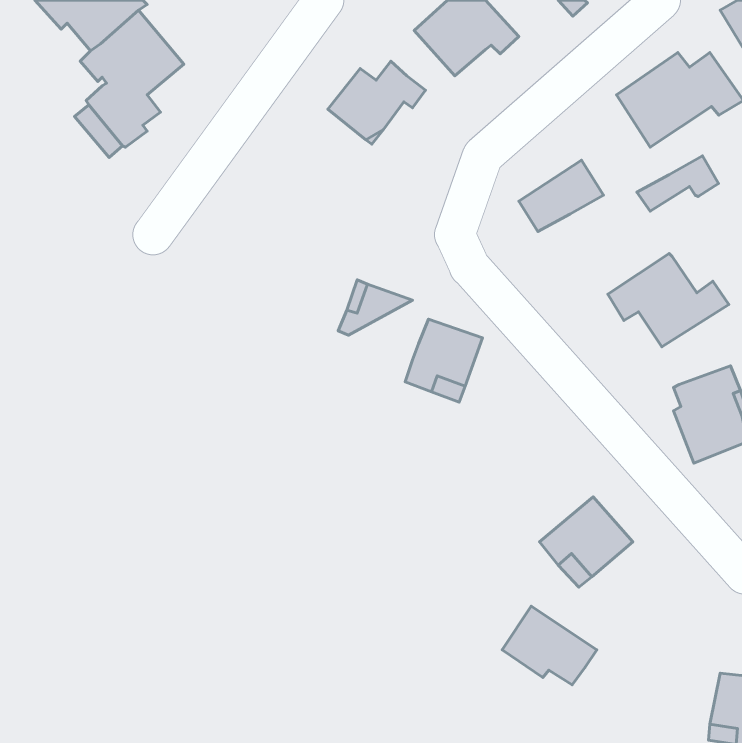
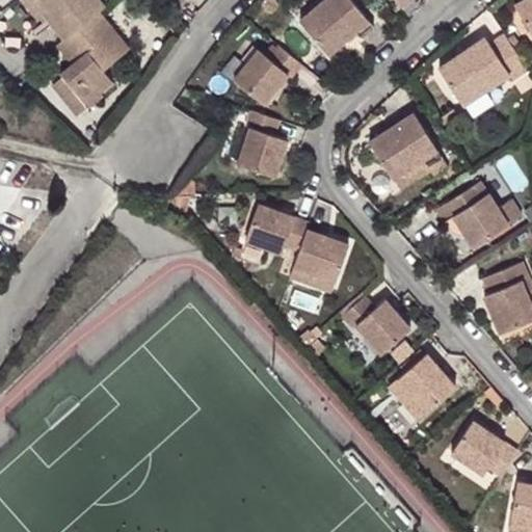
building: none -> [236,110,285,177]
building: [637,156,719,211] -> [385,140,444,180]
building: none -> [250,215,310,247]
building: none -> [340,295,409,354]
building: [502,606,597,685] -> [448,420,515,476]

